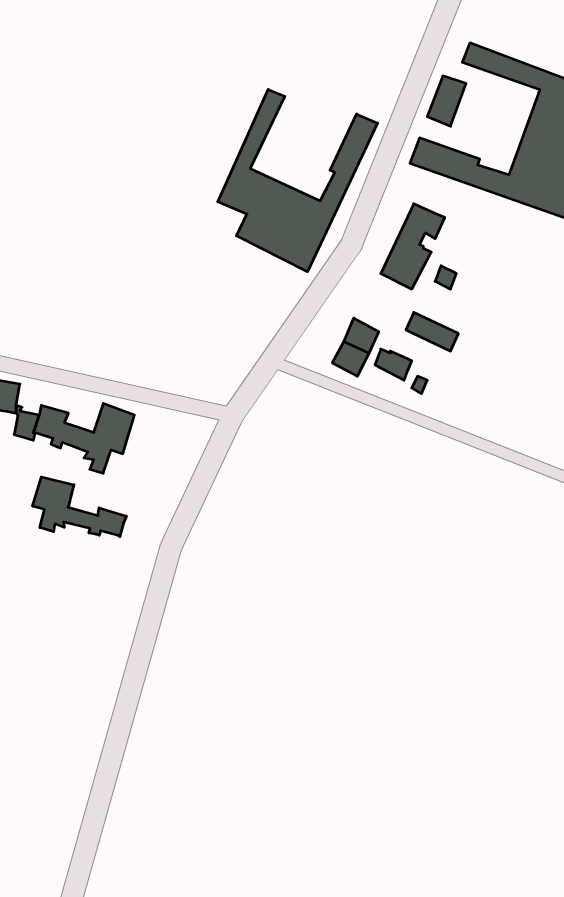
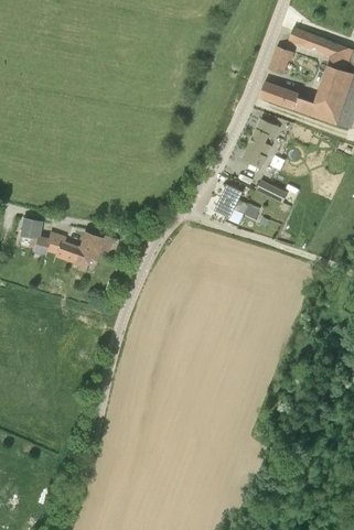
building: [218,89,378,272] -> none
building: [33,477,126,537] -> none

